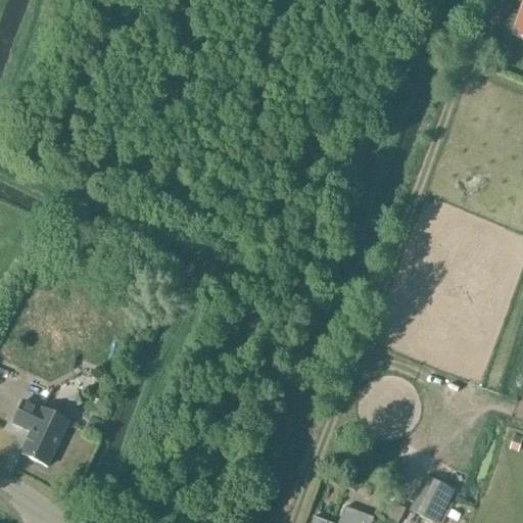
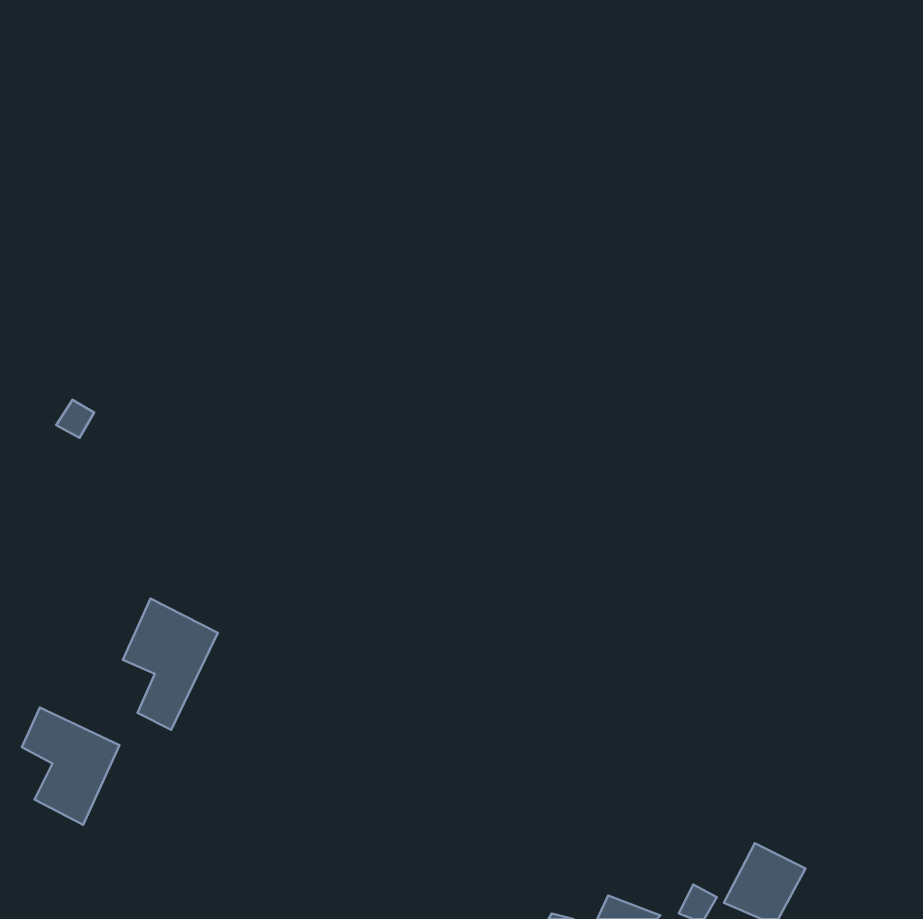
building: none -> [123,598,218,730]

